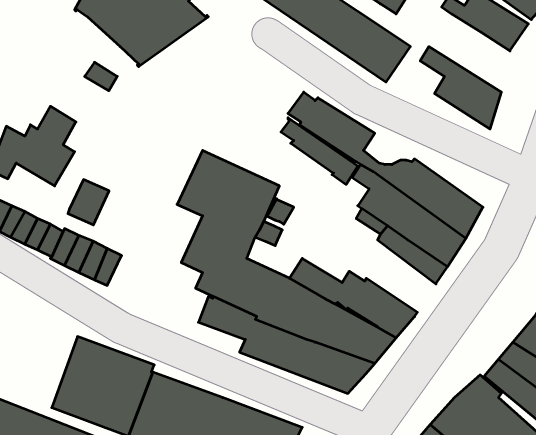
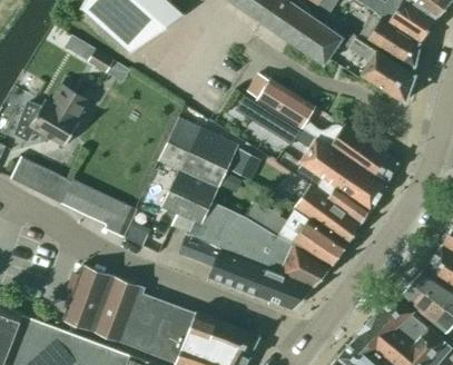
building: none -> [361,12,421,68]
building: [68,180,109,225] -> [105,201,137,237]
building: none -> [295,185,363,246]

